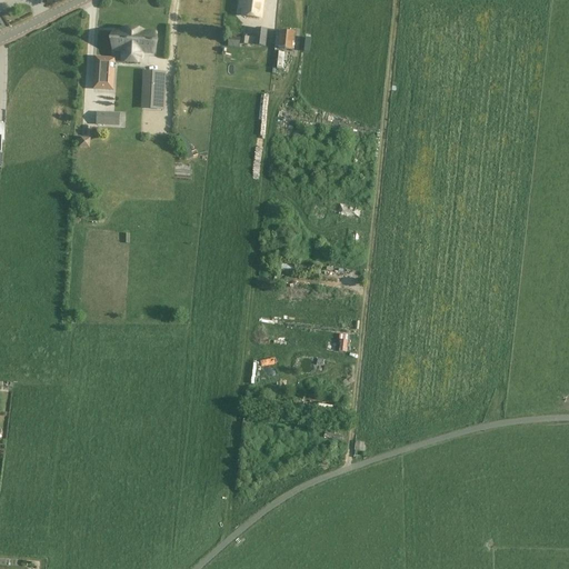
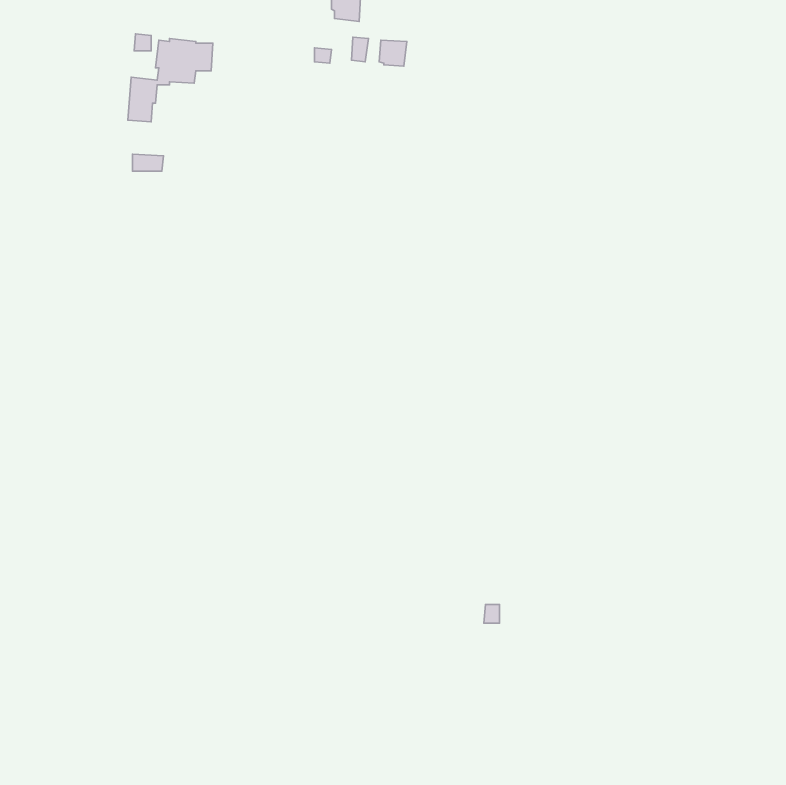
building: [141,70,163,100] -> none

